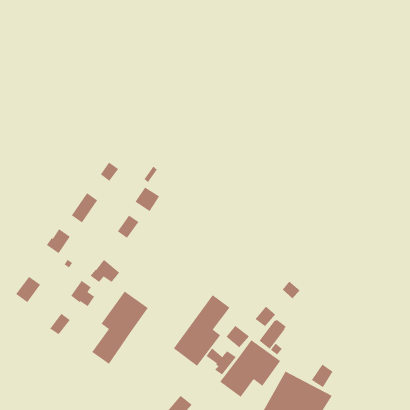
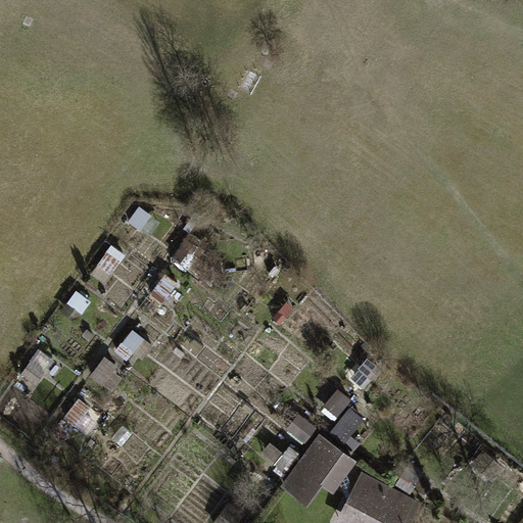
building: [91,290,149,365] -> none
building: [173,294,230,367] -> none

